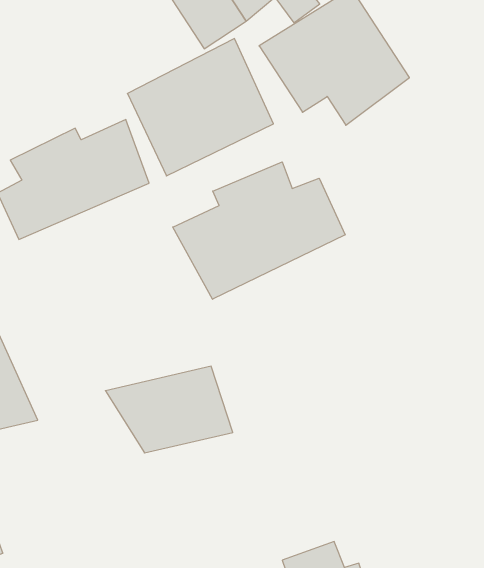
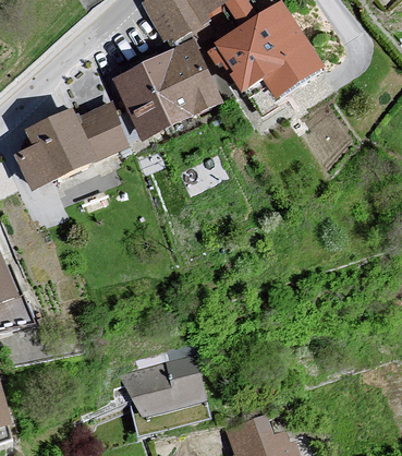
building: [173,162,345,299] -> none
building: [105,366,233,453] -> [117,353,212,419]

